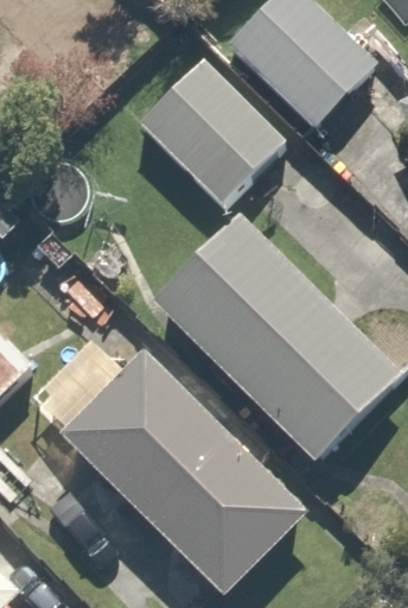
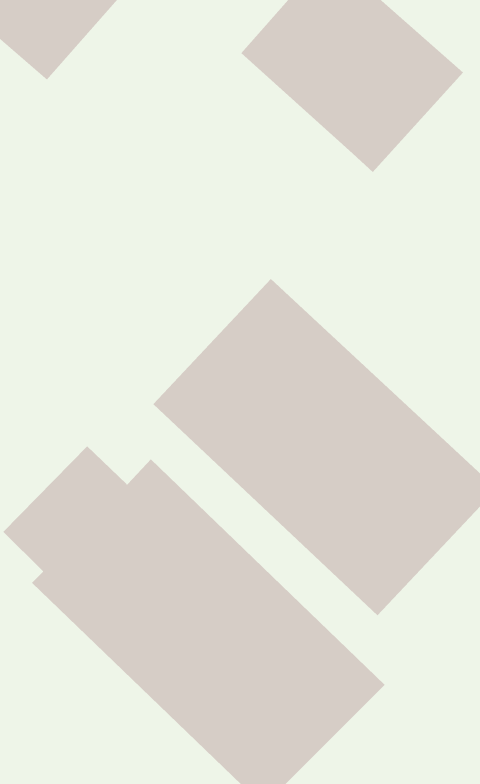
building: [135,43,295,203] -> none

